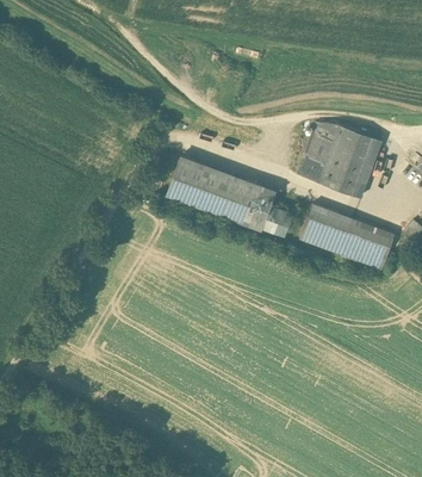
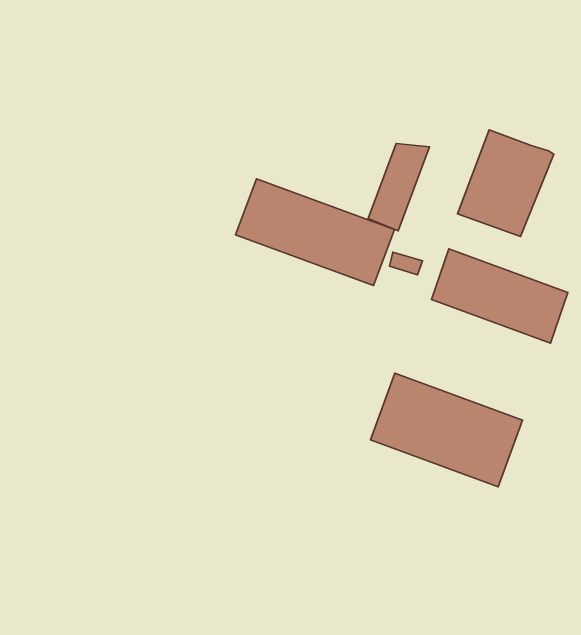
building: [298,122,340,181] -> [368,143,430,231]
building: none -> [371,373,522,487]

